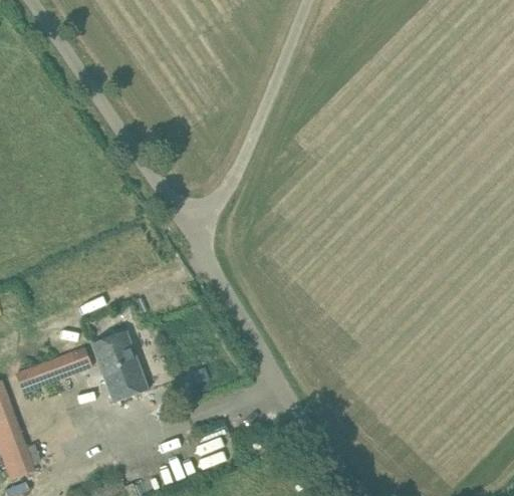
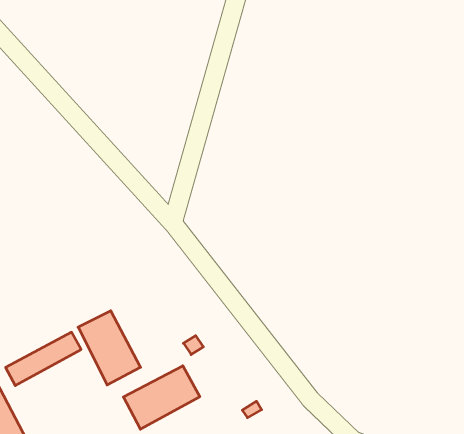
building: none -> [123,366,200,429]

